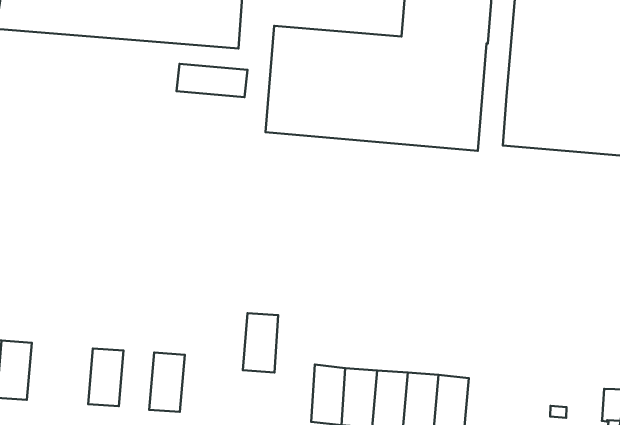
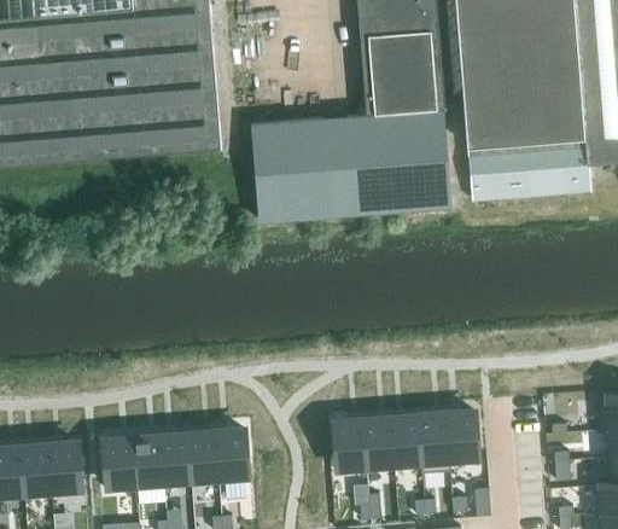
building: [176,64,248,97] -> none
building: [243,313,278,372] -> [216,429,249,483]
building: none -> [105,438,136,492]
building: none -> [161,434,192,487]

